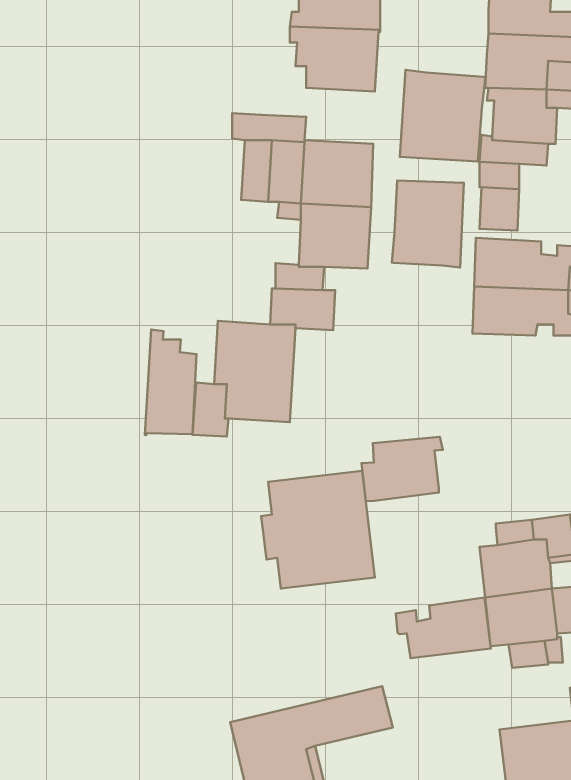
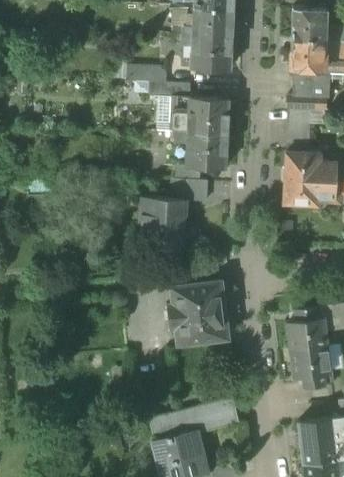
building: [400,70,486,161] -> none
building: none -> [126,64,167,83]
building: [392,180,464,267] -> none
building: [145,330,196,435] -> none
building: [361,437,443,501] -> none
building: [396,598,491,658] -> none

